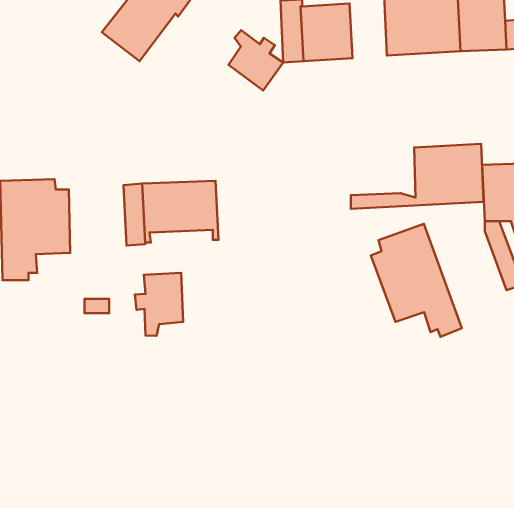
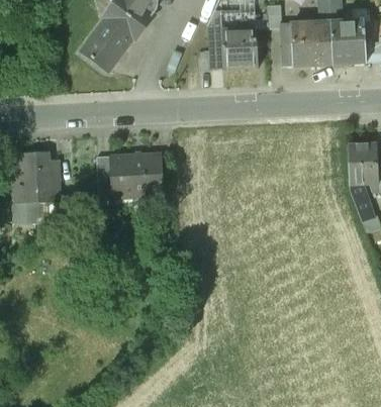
building: [229,30,283,91] -> none
building: [351,144,483,209] -> none
building: [371,224,462,337] -> none
building: [135,273,183,336] -> none

